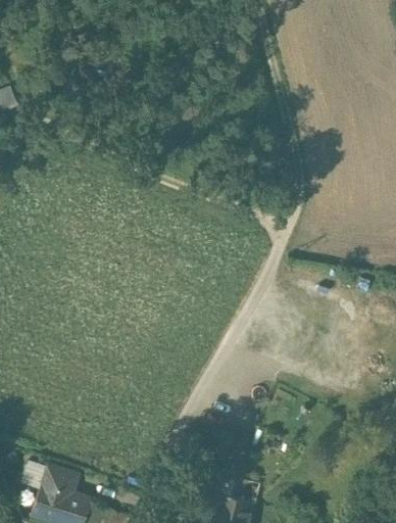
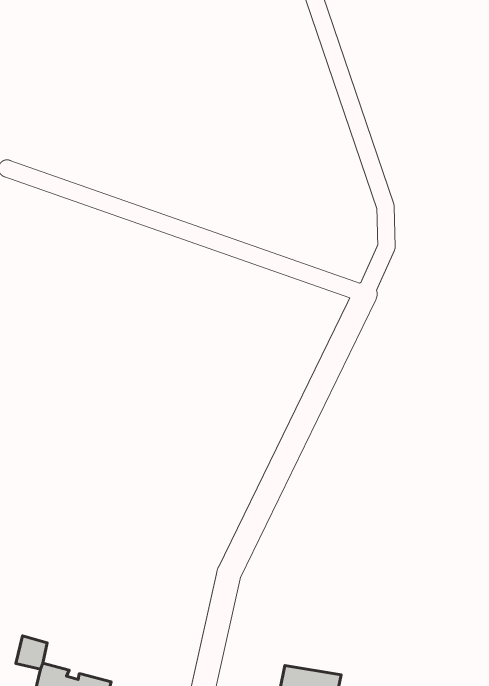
building: [46,470,81,500] -> none

